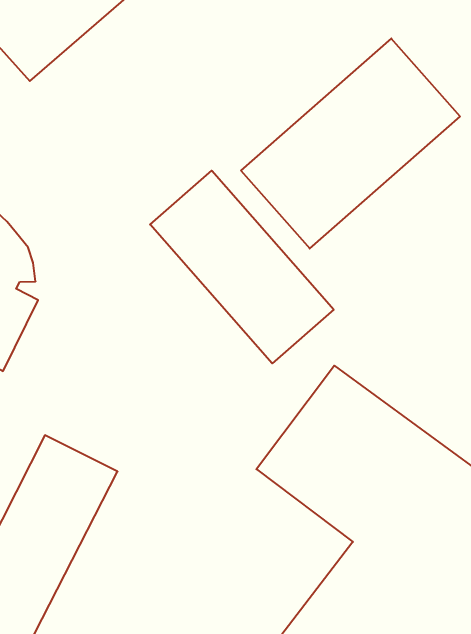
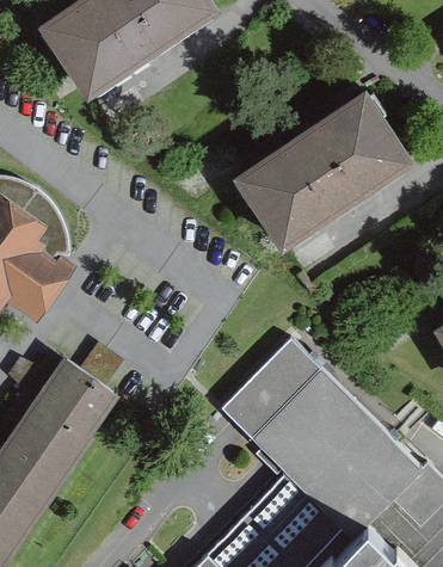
building: [150,171,334,363] -> none

